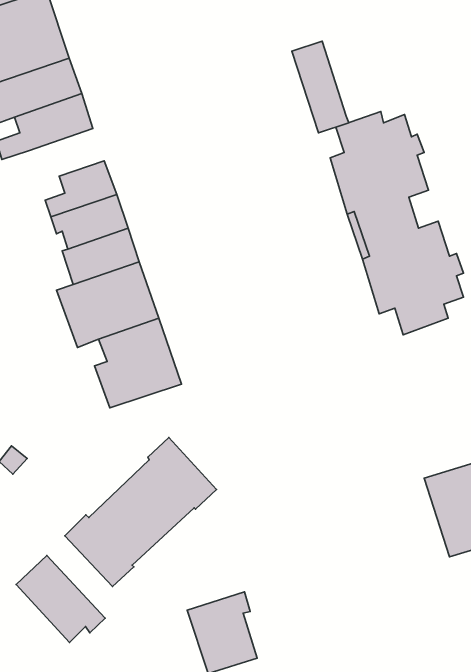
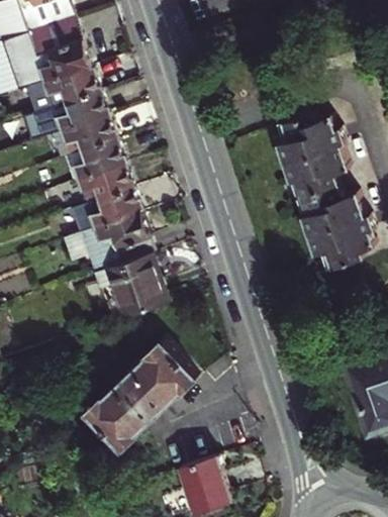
building: [292,41,349,133] -> none
building: none -> [61,122,115,162]
building: [16,556,105,642] -> none

